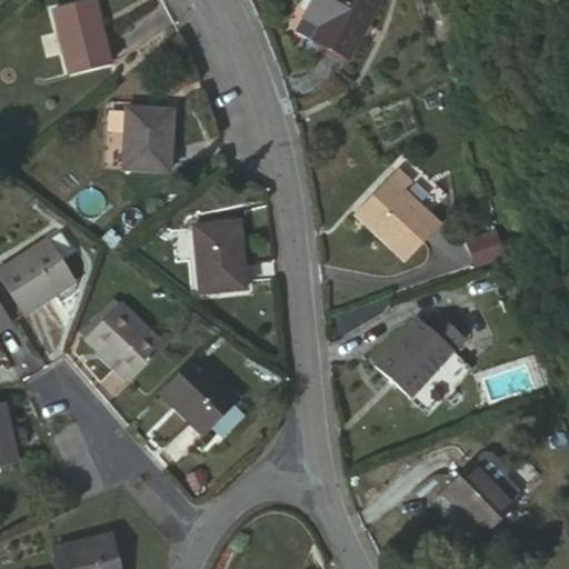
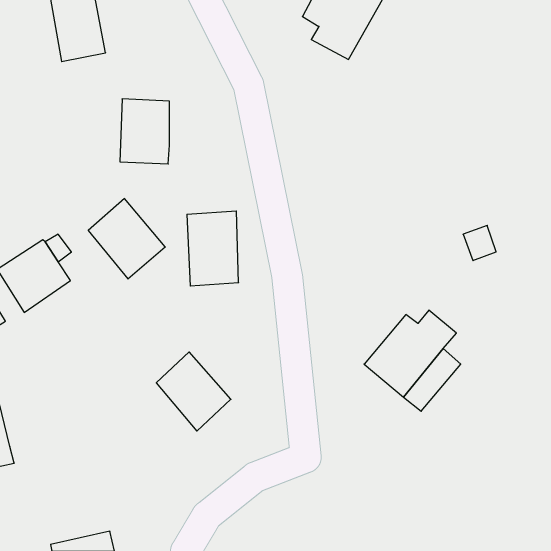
building: [356,176,440,264] -> none
building: [87,296,164,377] -> [88,199,165,279]
building: [443,452,520,536] -> none

